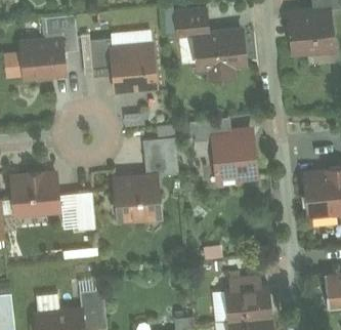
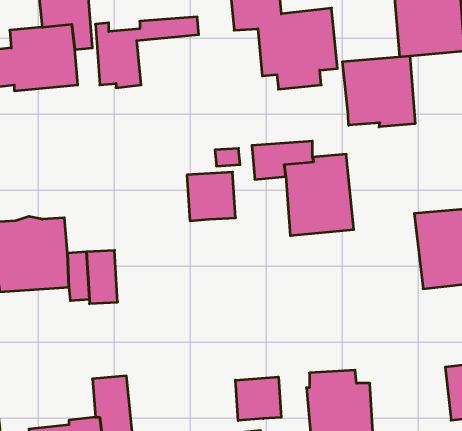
building: [108,43,158,96] -> none
building: none -> [343,56,415,127]
building: [111,171,161,223] -> none
building: none -> [235,377,281,421]

